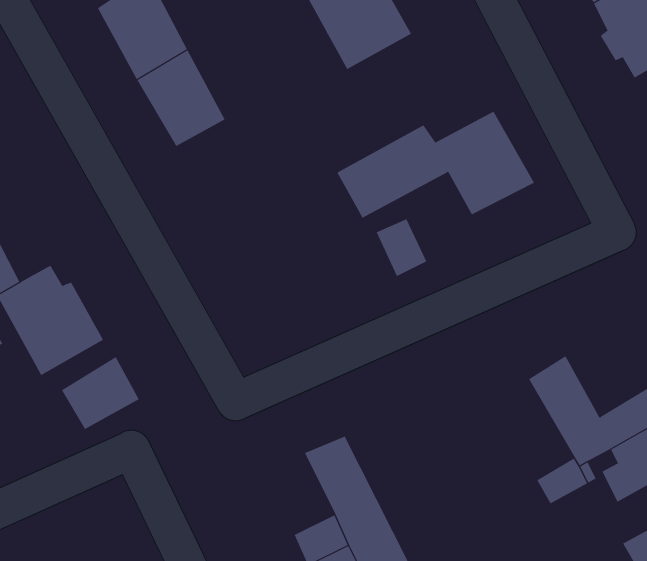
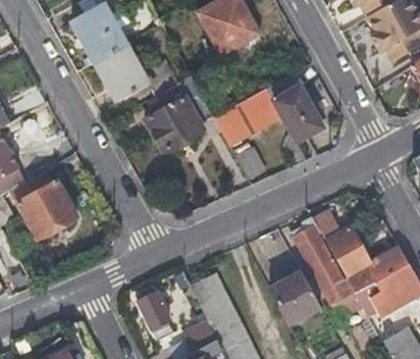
building: none -> [145,75,212,154]
building: [61,356,140,430] -> none
building: none -> [297,227,347,294]
building: none -> [272,271,323,325]
building: none -> [140,292,177,340]

